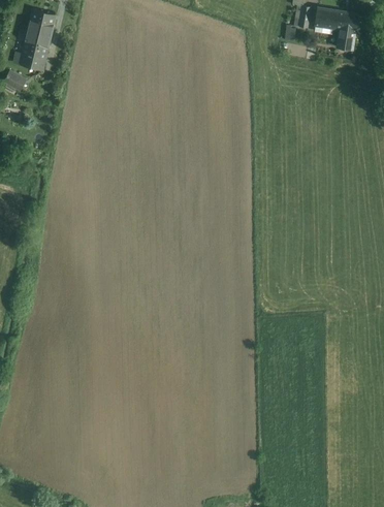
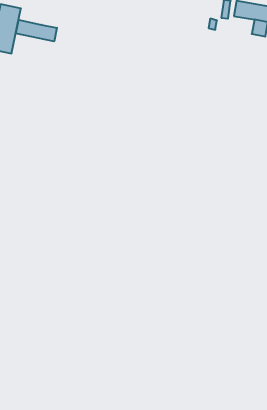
building: none -> [16,20,57,41]

